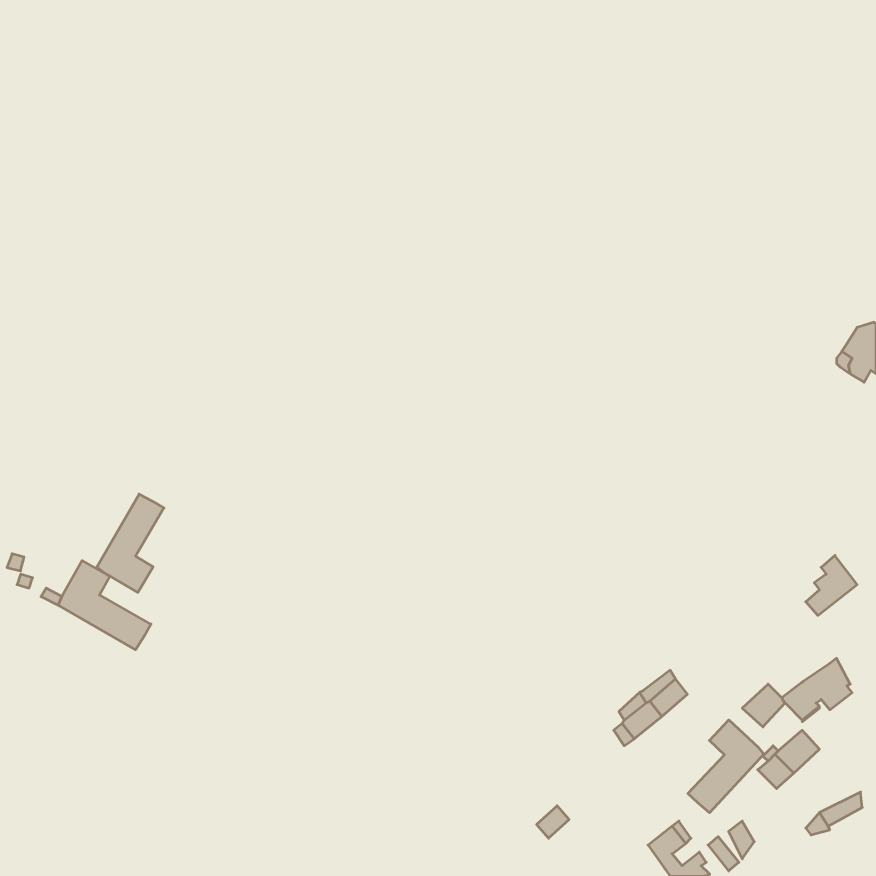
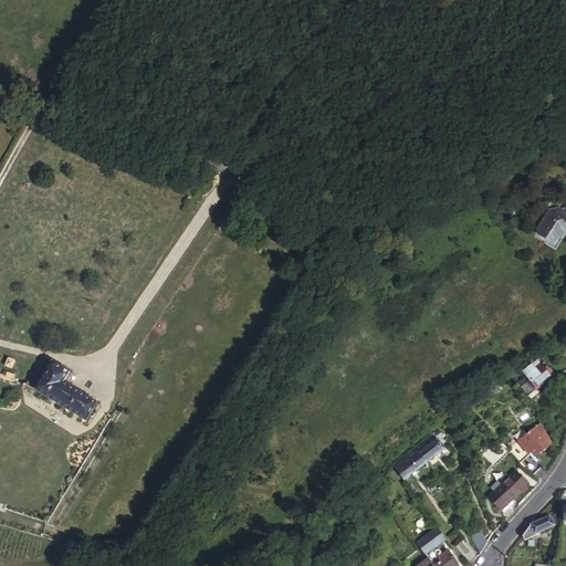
building: [97,494,164,592] -> none
building: [688,720,764,813] -> none

